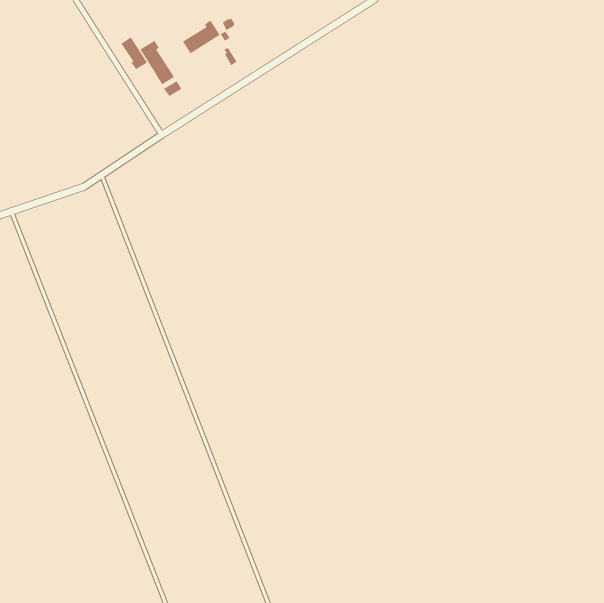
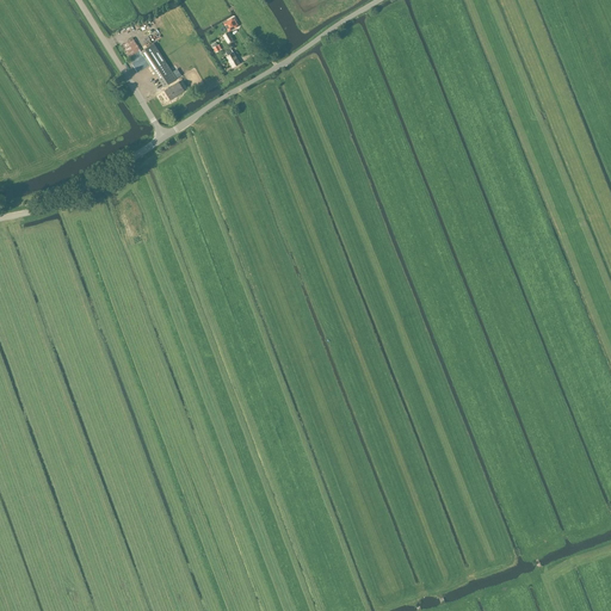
building: [182,20,220,54] -> none

